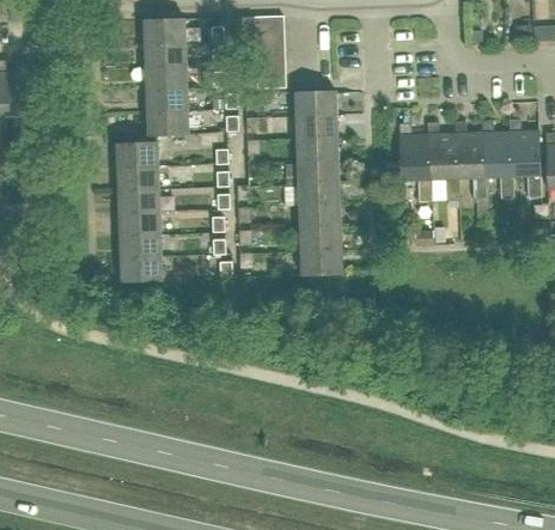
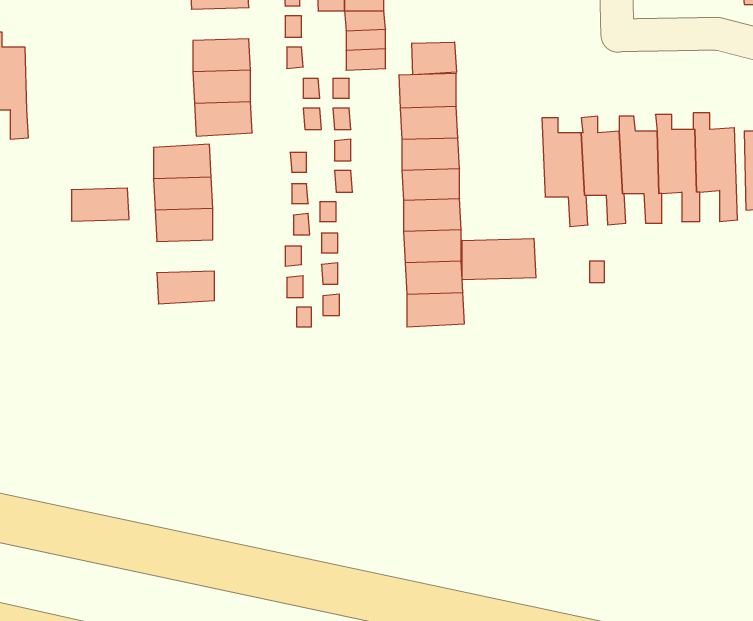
building: [144,43,185,67] -> none
building: none -> [412,42,457,75]
building: none -> [462,238,536,280]
building: [118,212,160,236] -> [71,188,129,221]
building: [120,256,161,281] -> none

